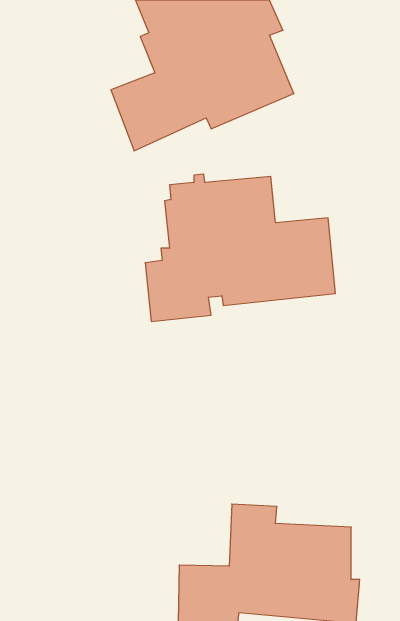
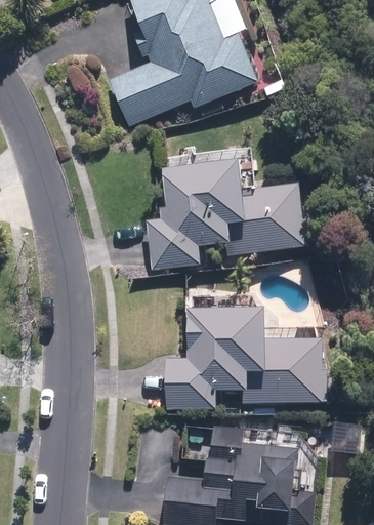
building: none -> [165,301,328,410]

